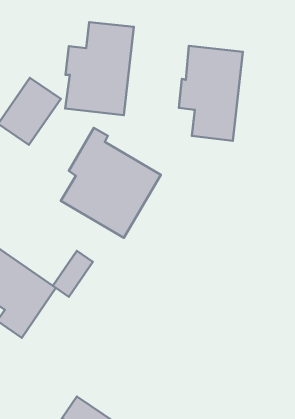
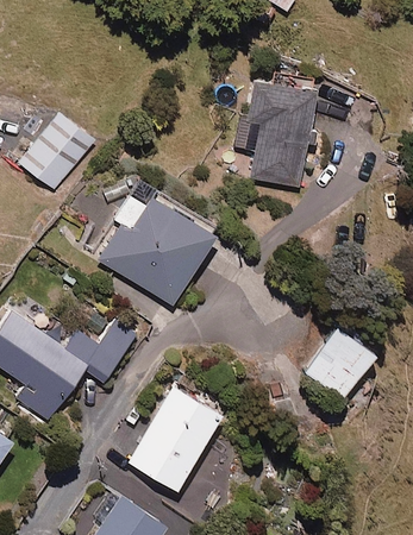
building: [65,22,134,115] -> none
building: none -> [302,309,370,394]
building: none -> [129,385,219,491]

